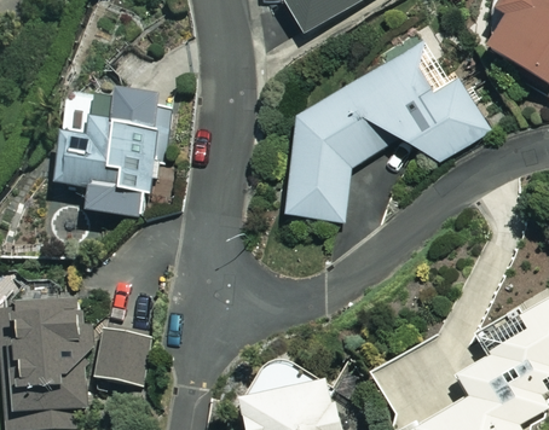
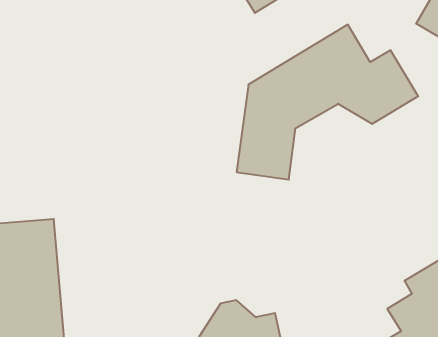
building: [56,86,172,215] -> none
building: [94,325,150,383] -> none

